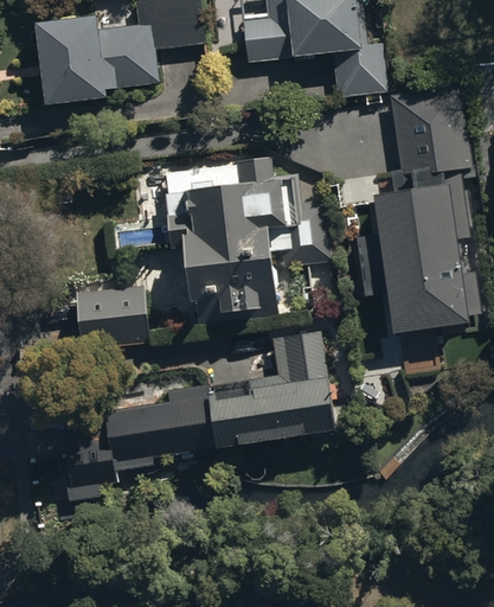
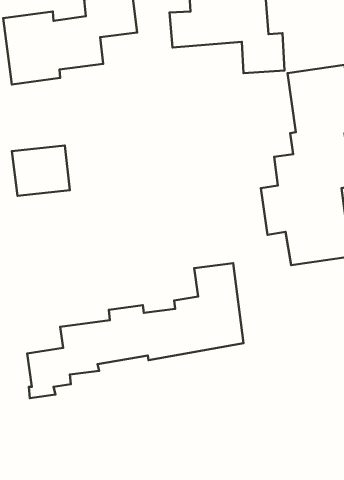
building: [165,156,294,325] -> none
building: [78,285,150,347] -> [12,145,70,196]

